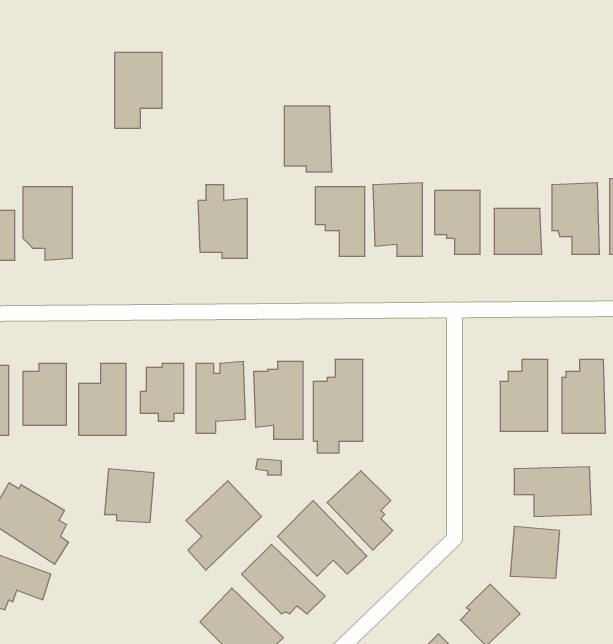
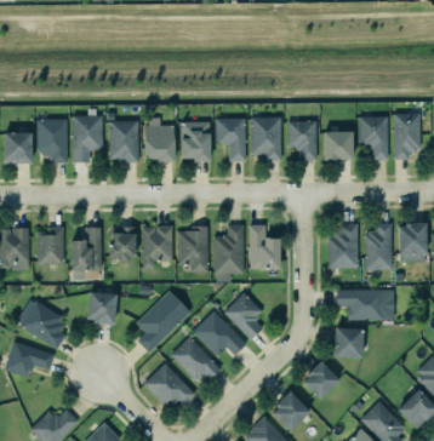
building: [115,53,162,128] -> [73,116,102,162]
building: [284,106,332,172] -> [181,122,210,162]
building: none -> [109,121,137,162]
building: none -> [249,225,280,268]

